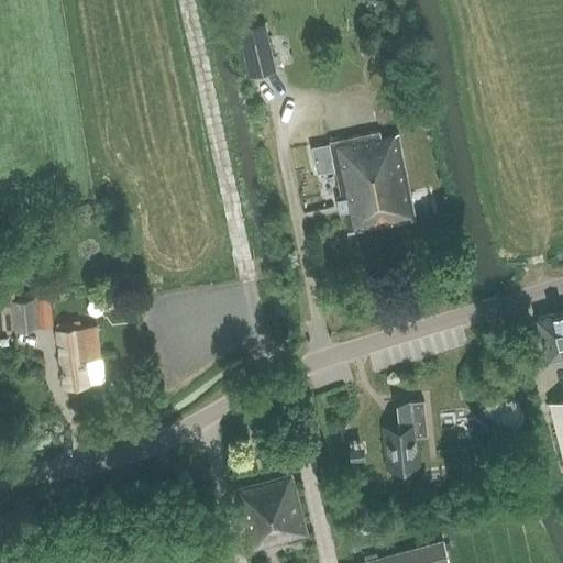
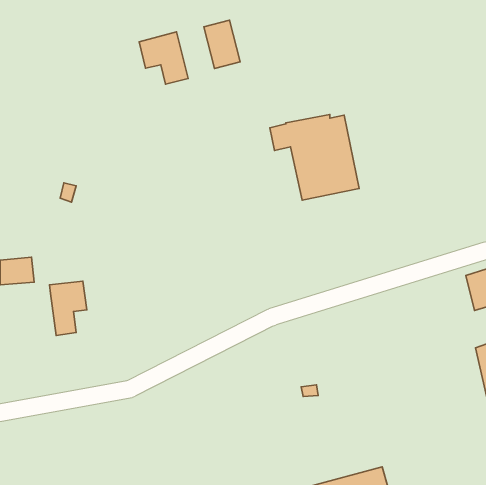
building: none -> [139,32,188,84]
building: [387,401,429,468] -> none
building: [231,475,308,550] -> none

